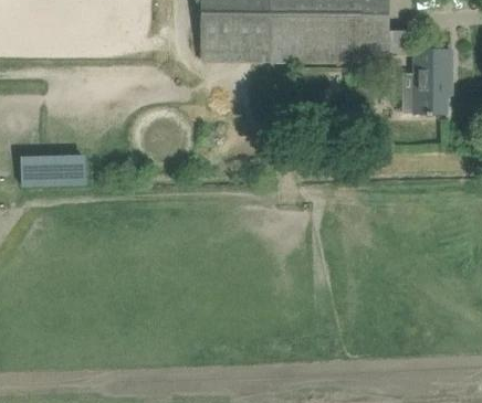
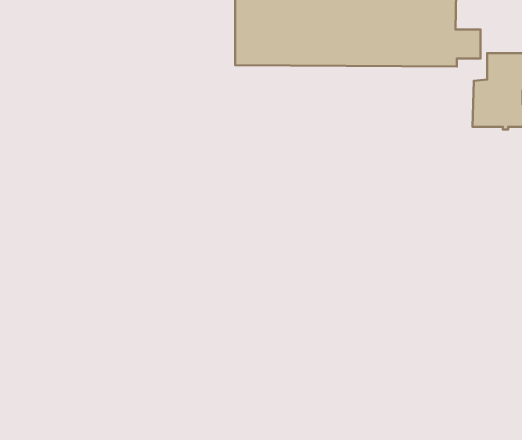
building: [23,152,88,184] -> none

